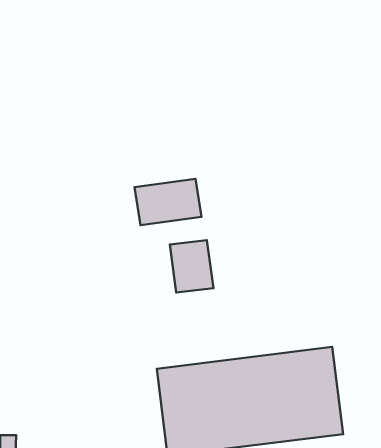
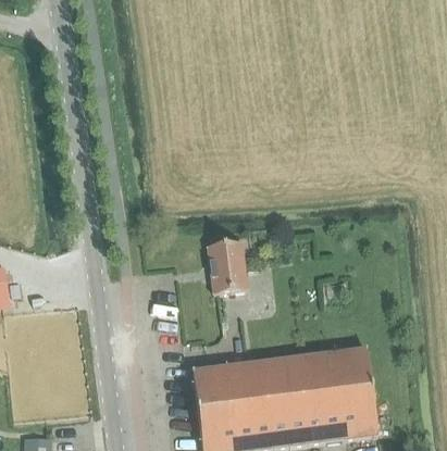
building: [134,179,202,225] -> none

